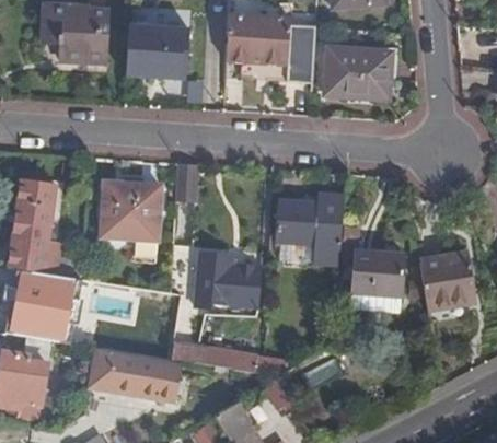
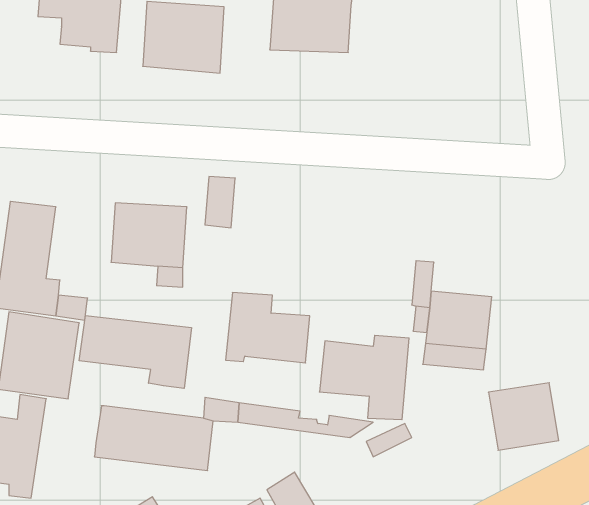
building: [288,27,316,83] -> none
building: [325,49,391,96] -> none
building: [270,198,342,265] -> [319,335,409,420]
building: [415,250,471,304] -> [488,383,559,450]
building: none -> [79,315,191,388]

